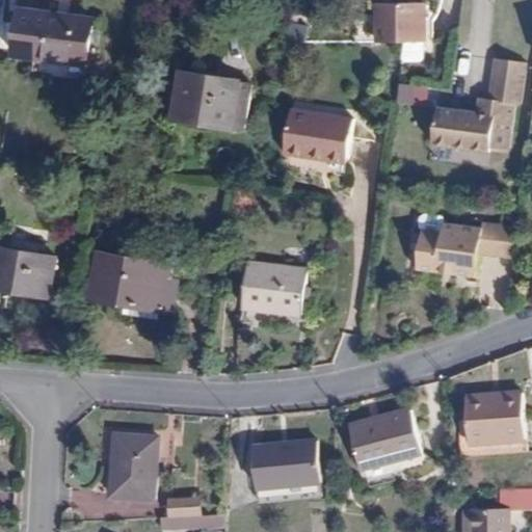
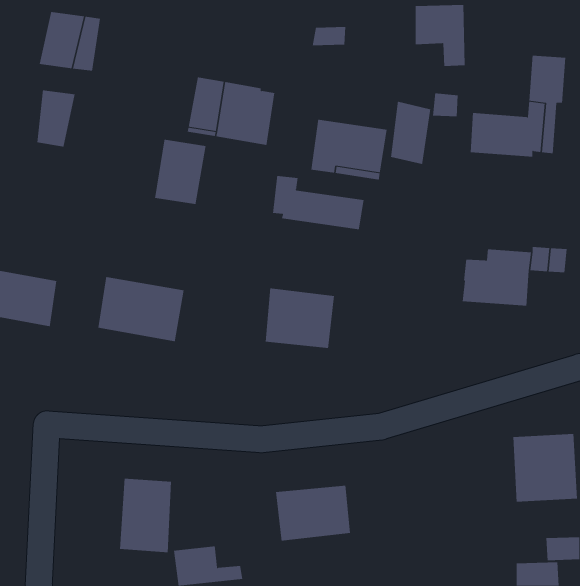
building: [10,6,46,58] -> [37,90,76,147]
building: none -> [390,101,431,165]
building: none -> [155,139,206,205]
building: none -> [272,175,364,230]
building: [347,407,420,471] -> none

